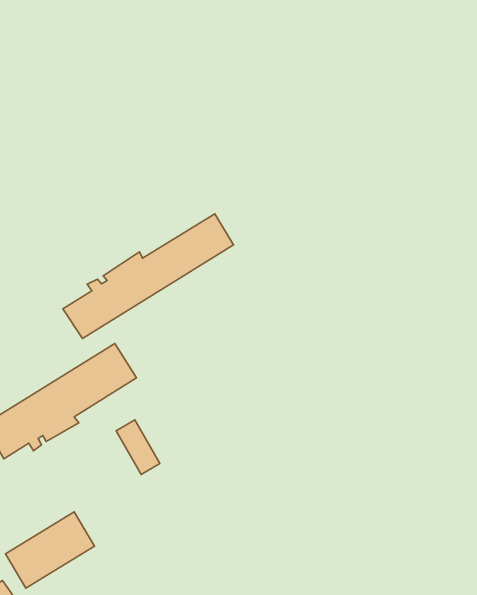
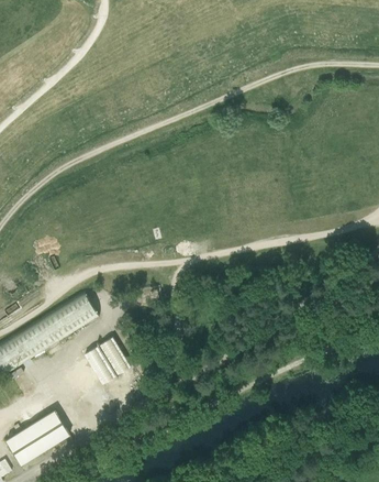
building: [63,214,233,339] -> none
building: none -> [98,337,130,374]

